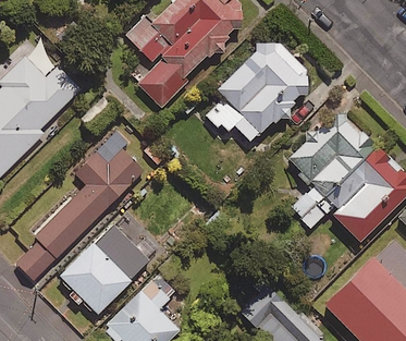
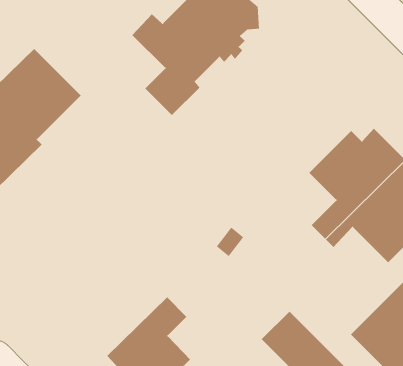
building: [205,40,309,142] -> none
building: [13,148,144,279] -> none
building: [59,223,150,314] -> none

